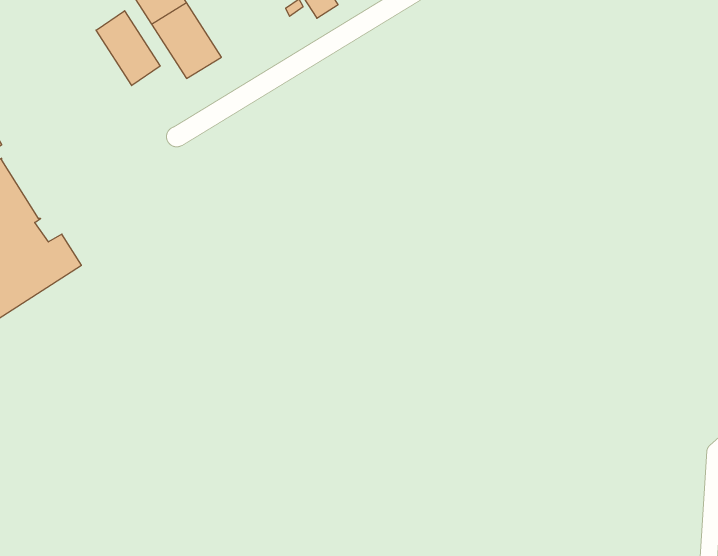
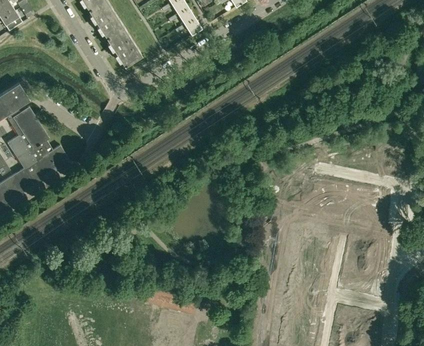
building: [96,11,160,86] -> none

